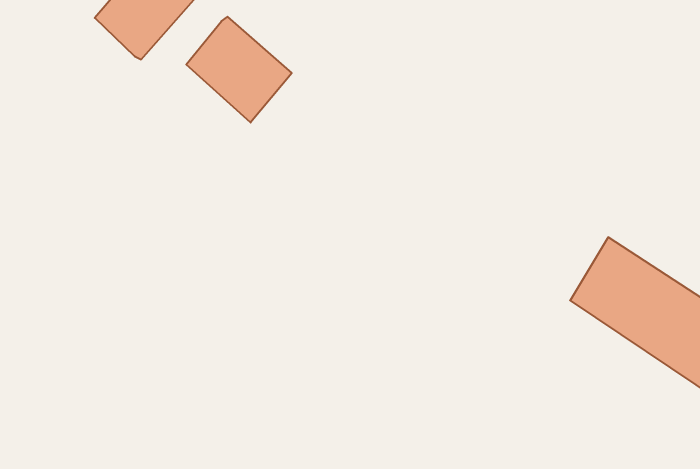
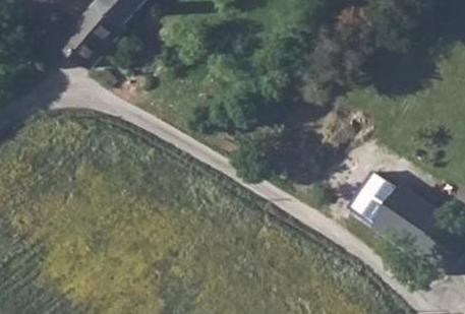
building: [186,17,292,123] -> none

